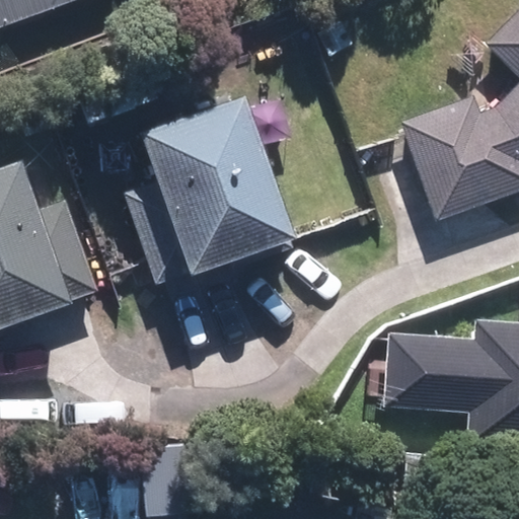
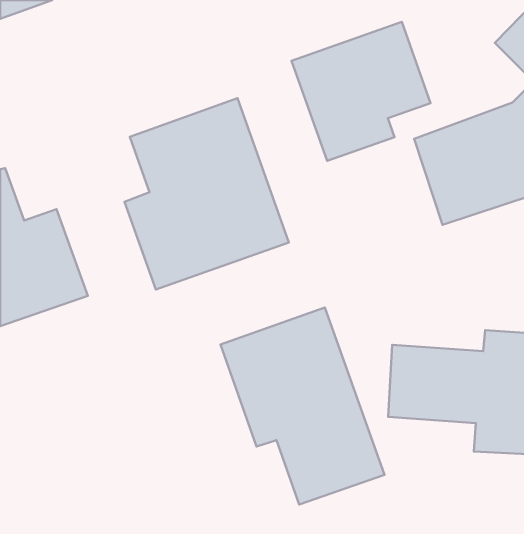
building: none -> [292,22,430,161]
building: none -> [220,307,384,504]

